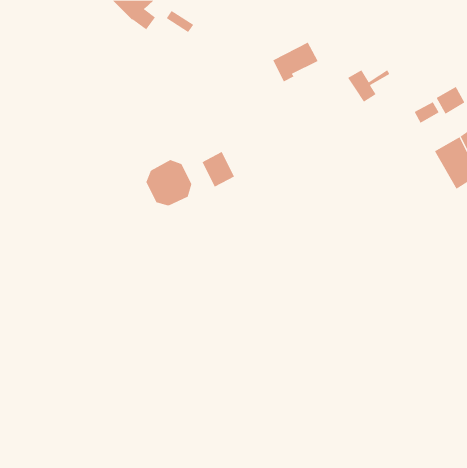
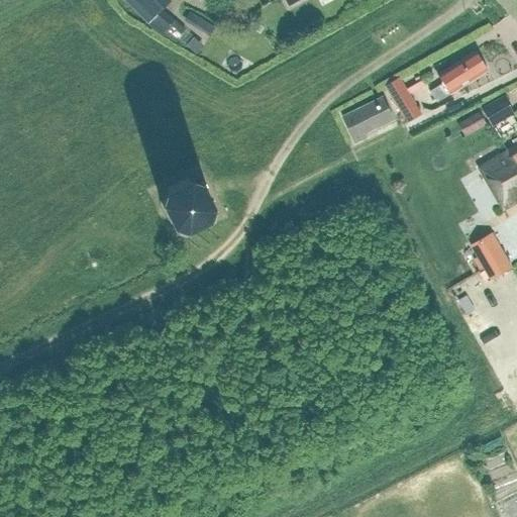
building: [273,42,318,82] -> [343,97,394,141]
building: none -> [436,50,488,98]
building: [202,151,235,187] -> none
building: none -> [478,246,511,280]

